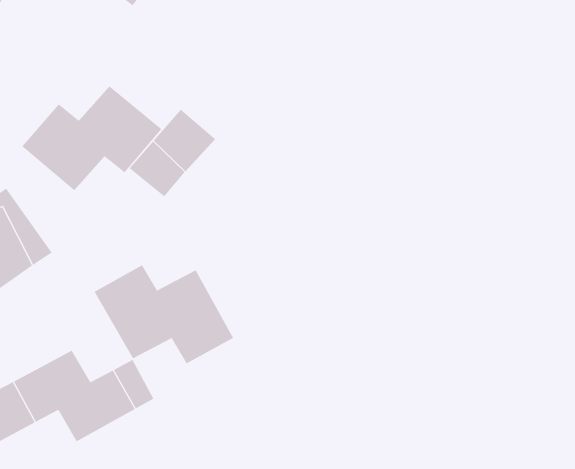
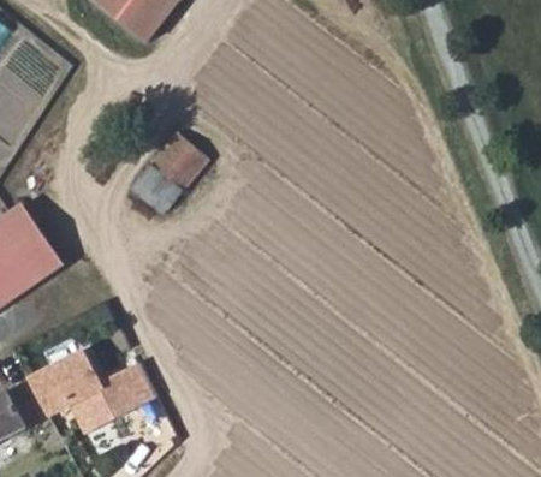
building: [22,85,162,191] -> none
building: [94,264,234,364] -> none

